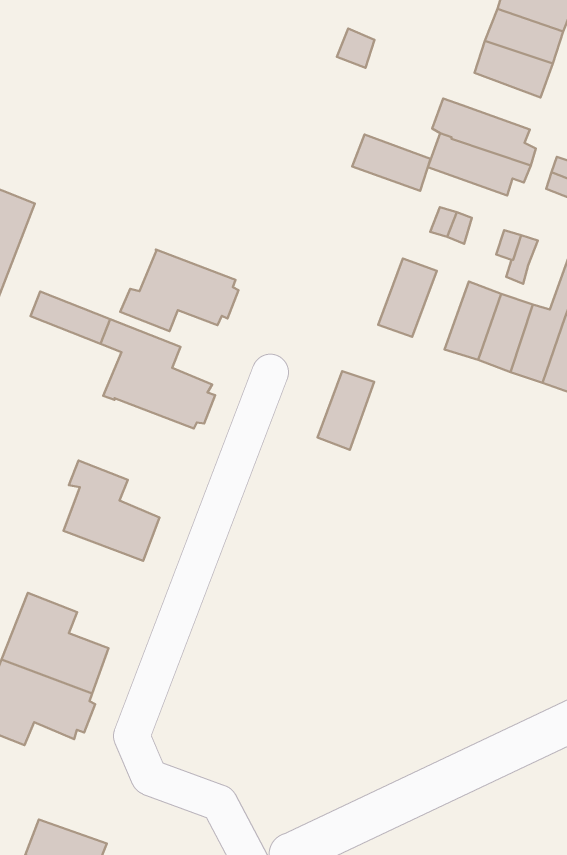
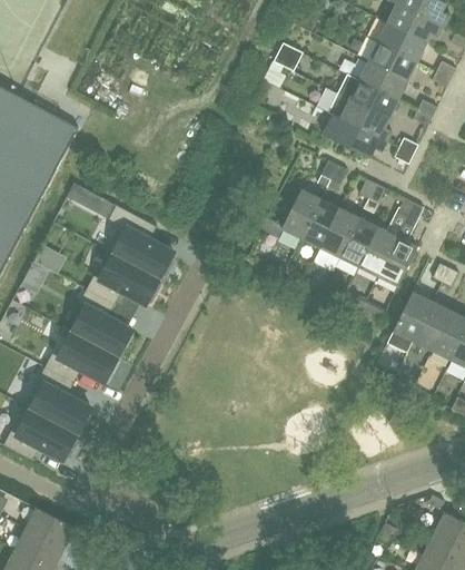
building: [352,134,431,191] -> [348,80,397,119]
building: [120,250,239,331] -> [86,254,160,305]
building: [317,371,374,450] -> [300,199,339,248]
building: none -> [44,332,118,383]

